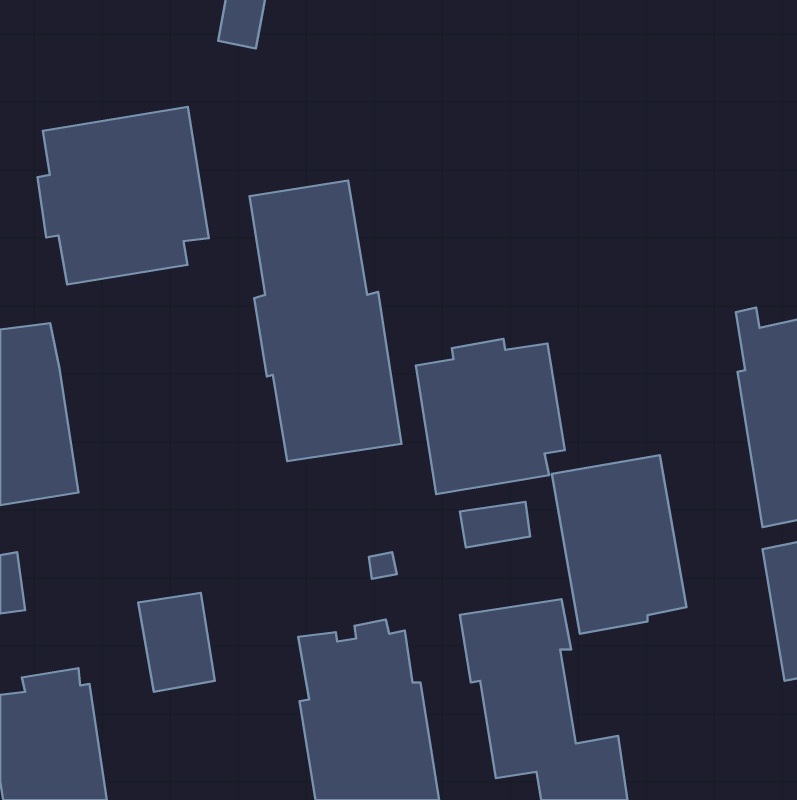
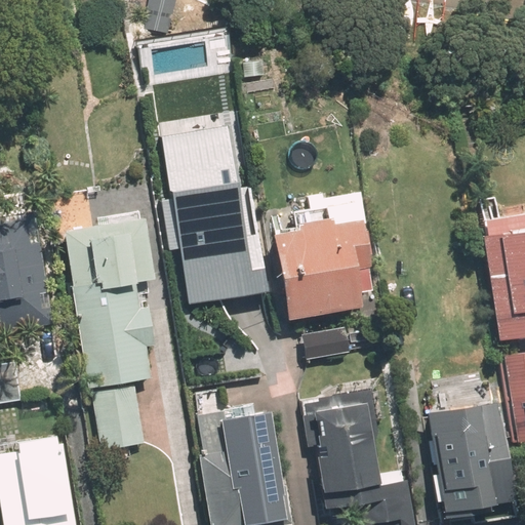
building: [37,107,209,284] -> none
building: none -> [66,212,156,390]
building: [552,455,687,634] -> [428,400,516,517]

